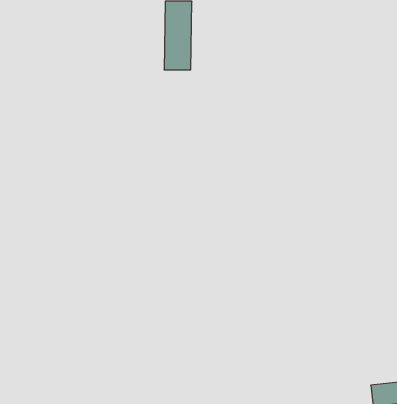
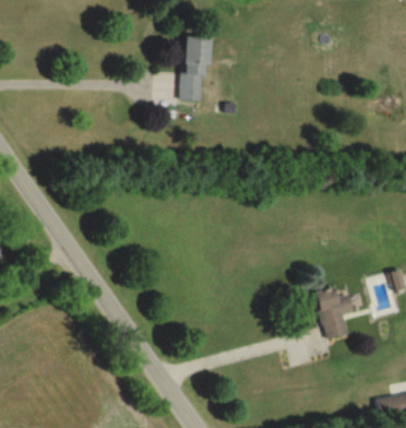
building: none -> [315,285,353,341]

